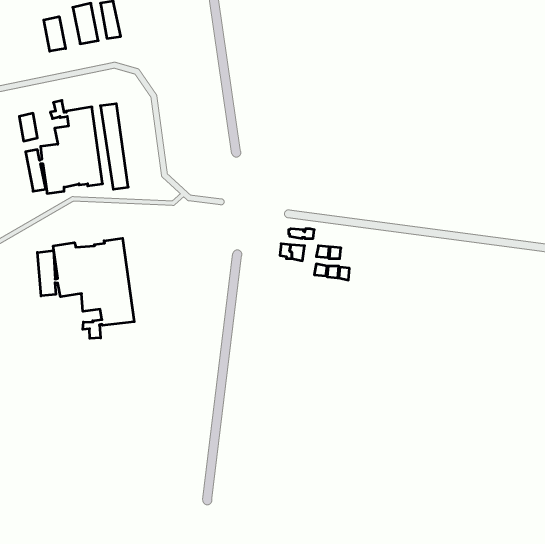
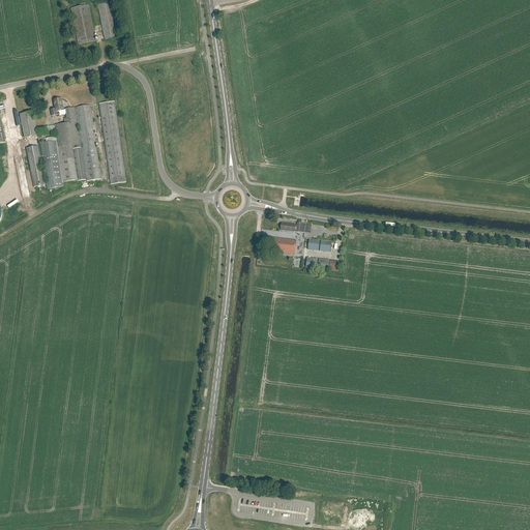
building: [44,17,66,51] -> none
building: [37,238,134,338] -> none

